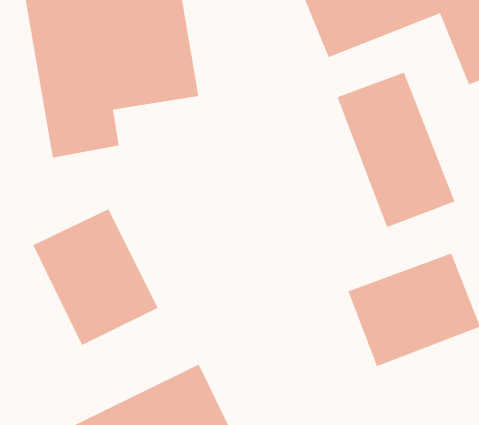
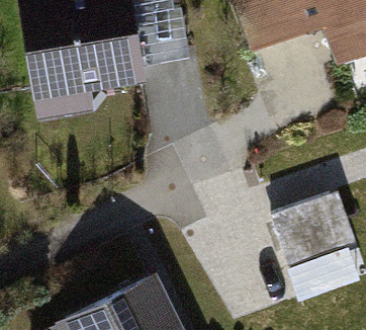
building: [337,72,455,228] -> none
building: [33,209,159,346] -> none

